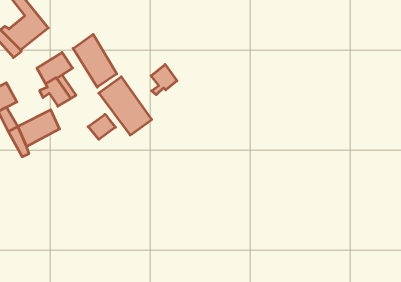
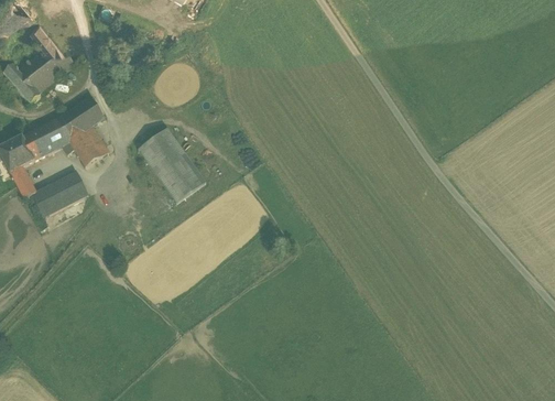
building: [73,34,117,87] -> none
building: [151,64,177,95] -> none
building: none -> [20,119,72,162]
building: [88,114,116,139] -> none

